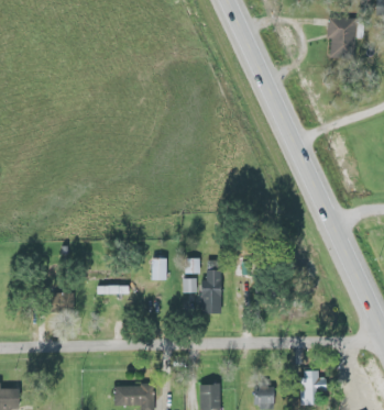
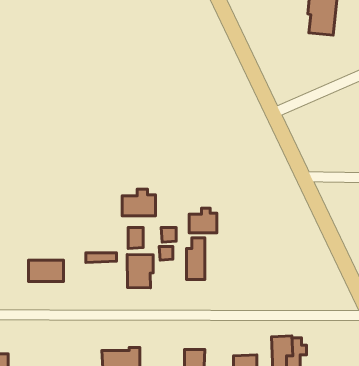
building: none -> [122,189,155,216]
building: none -> [189,208,217,233]
building: none -> [127,255,153,288]

